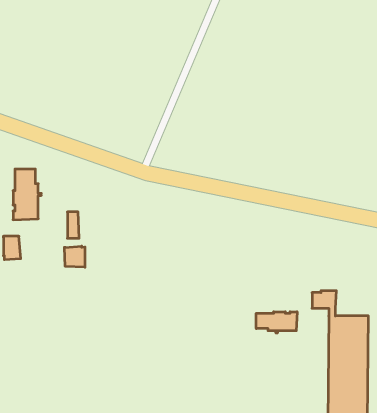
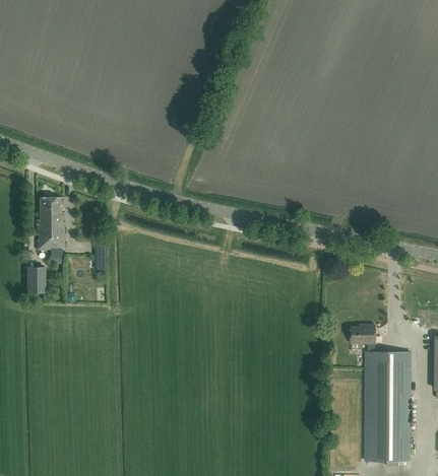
building: [64,246,85,267] -> none
building: [256,312,297,333] -> none

